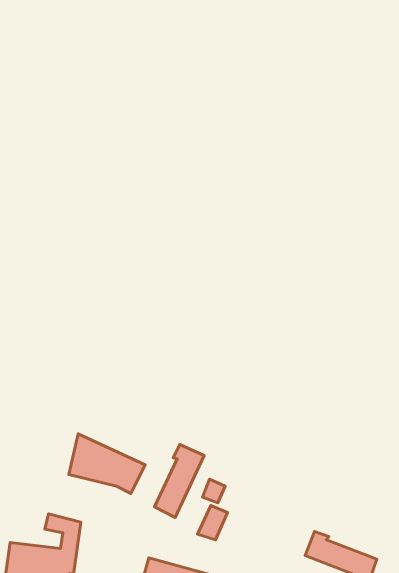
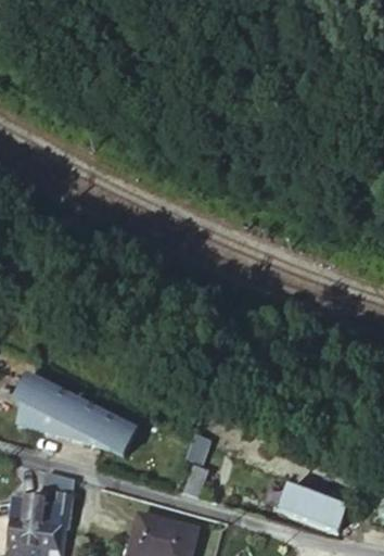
building: none -> [14,375,74,435]
building: [155,444,204,518] -> none

